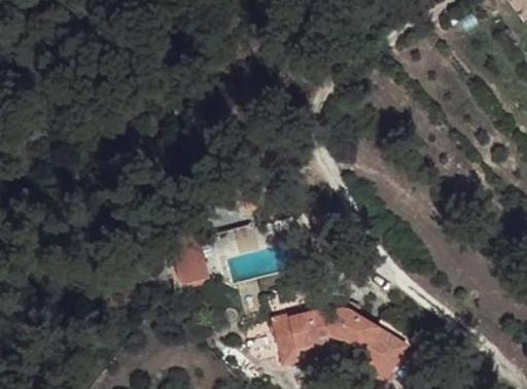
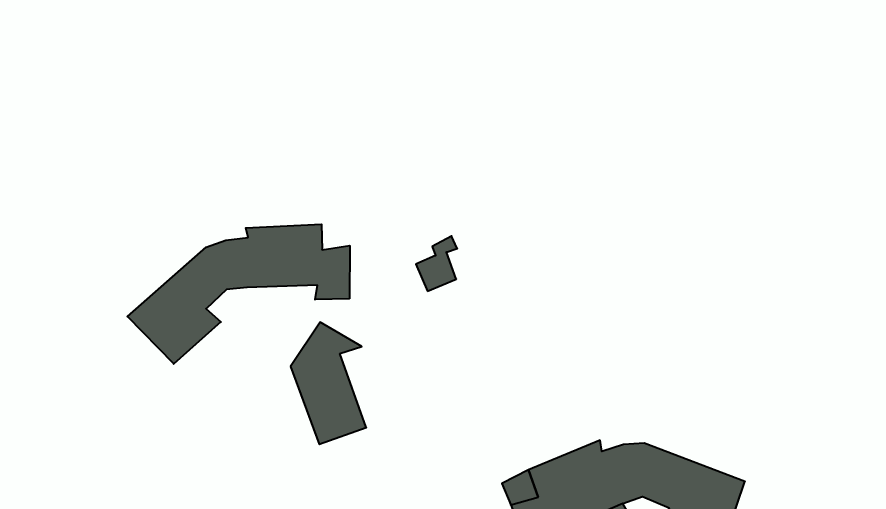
building: none -> [127,224,350,364]

